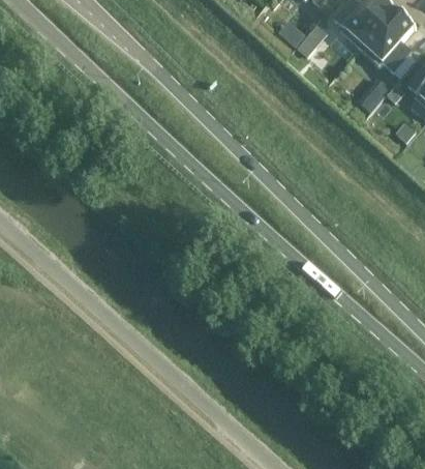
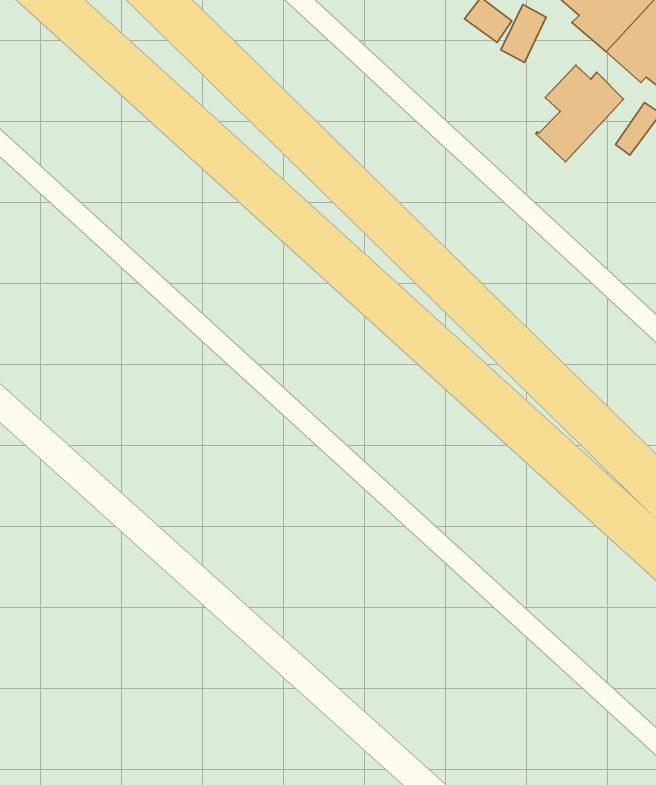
building: none -> [536,65,624,162]

